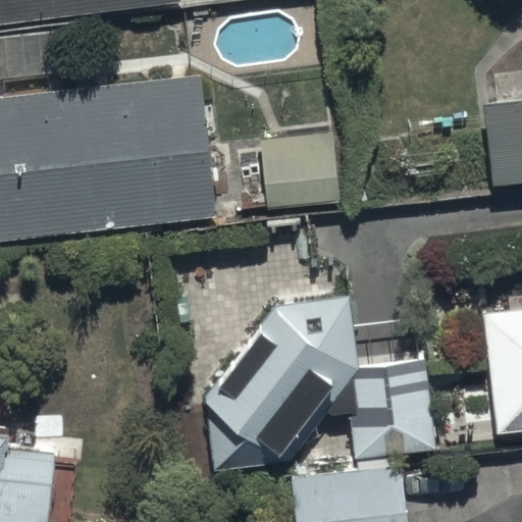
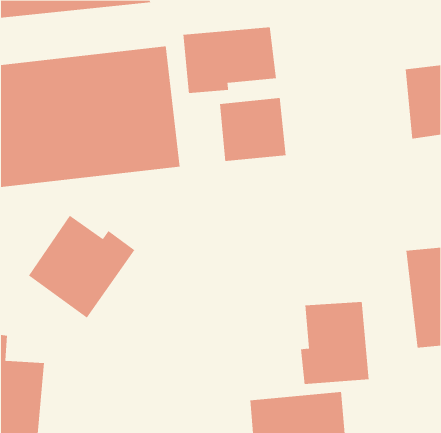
building: none -> [183,26,277,94]
building: none -> [28,215,135,319]
building: [179,305,358,480] -> none

